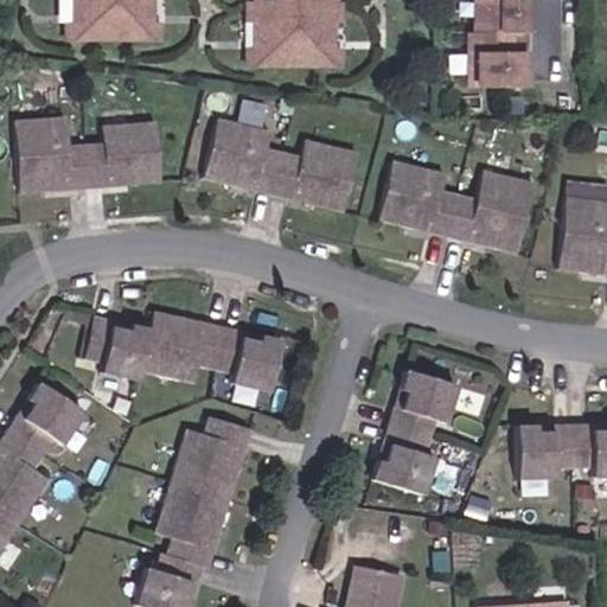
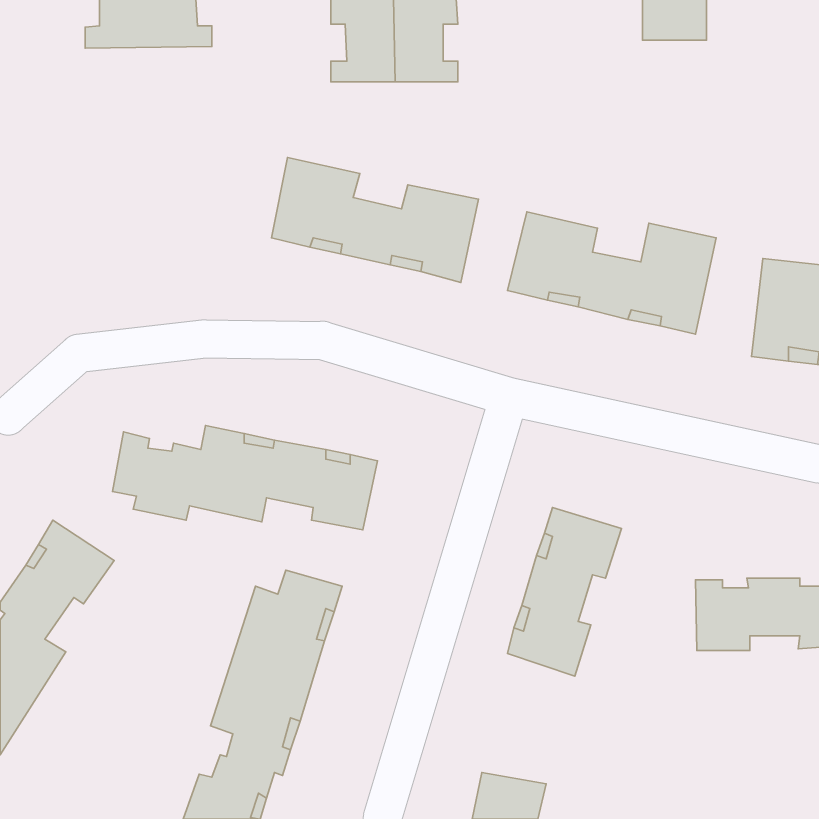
building: [468,30,523,84] -> none
building: [12,115,158,190] -> none

